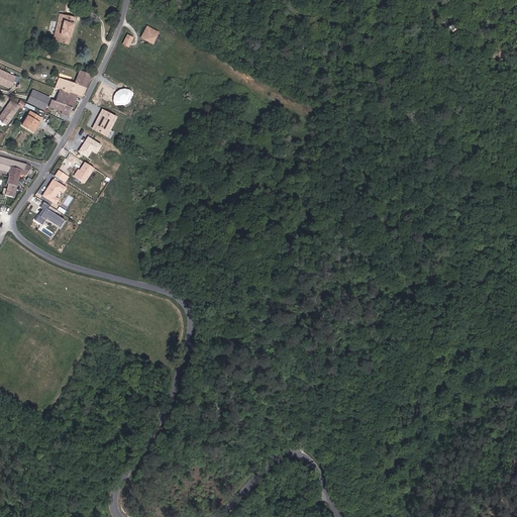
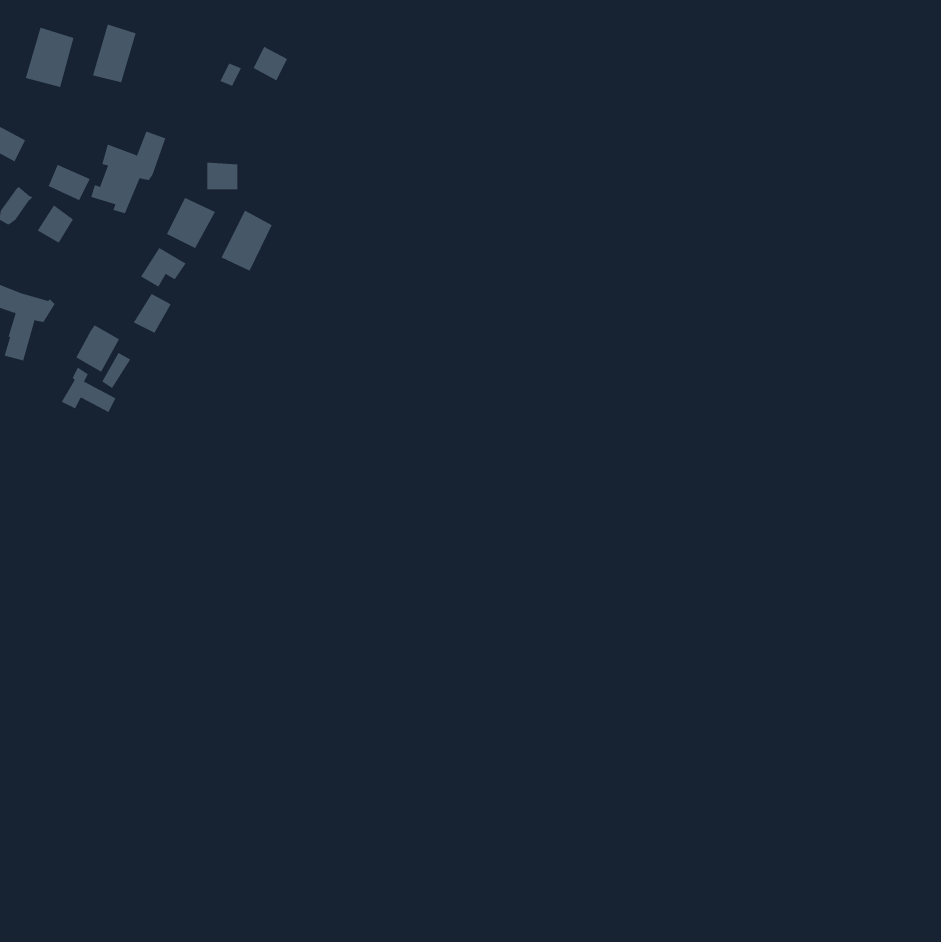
building: none -> [25,27,74,88]
building: none -> [221,210,273,272]

